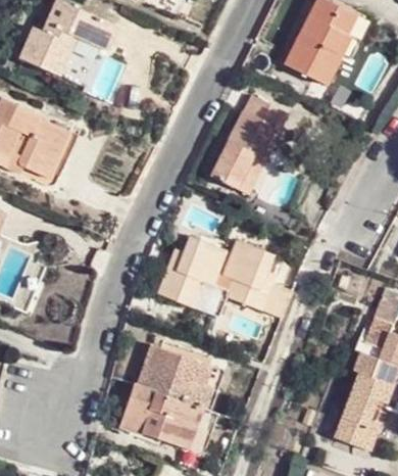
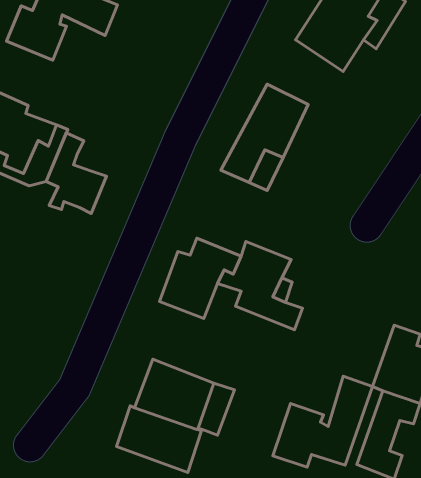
building: none -> [46,133,107,213]
building: [197,275,231,315] -> none
building: none -> [273,376,373,467]

